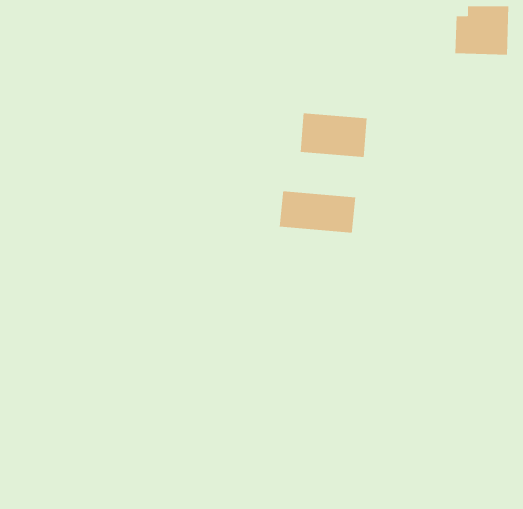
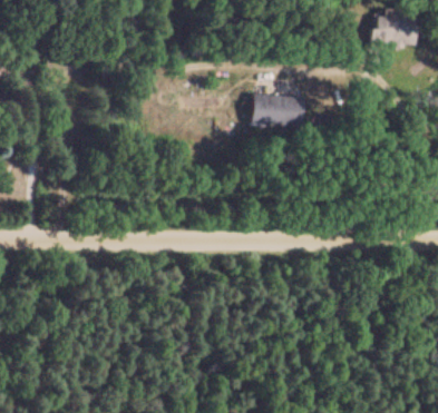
building: [279,190,356,233] -> none

